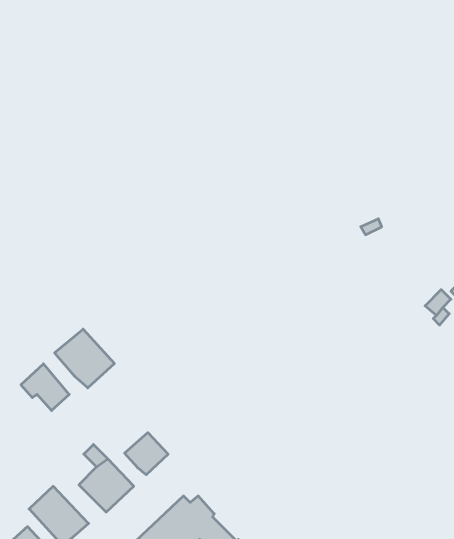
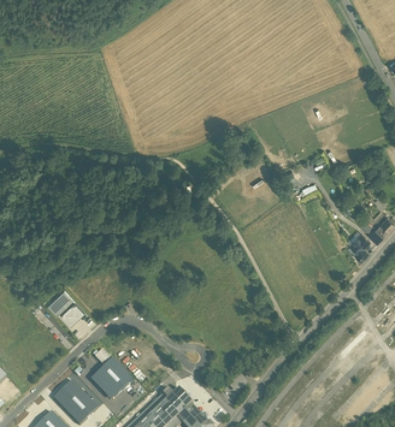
building: [55,329,114,388] -> none
building: [125,433,168,475] -> none

